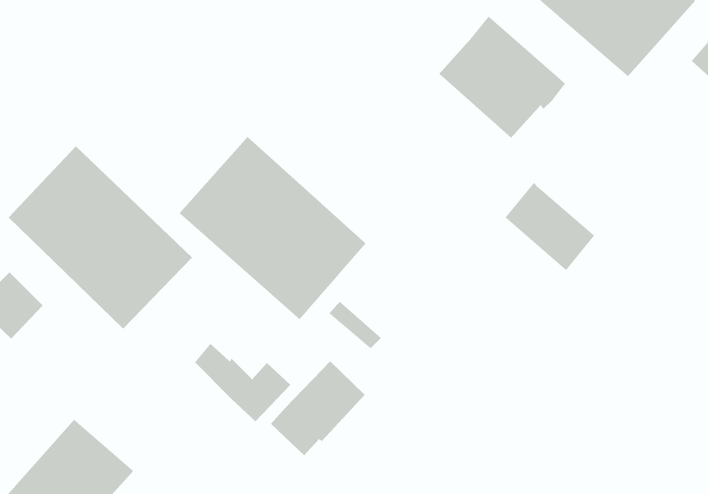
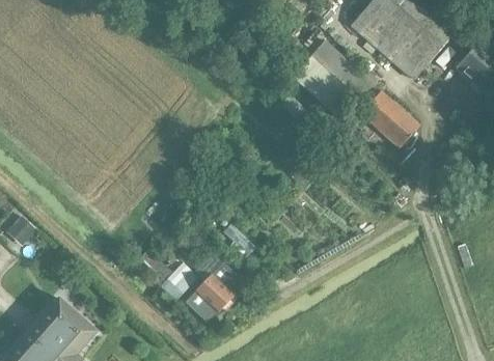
building: [179,136,367,320] -> none
building: [8,145,193,330] -> none
building: [505,182,595,271] -> [361,91,419,148]

